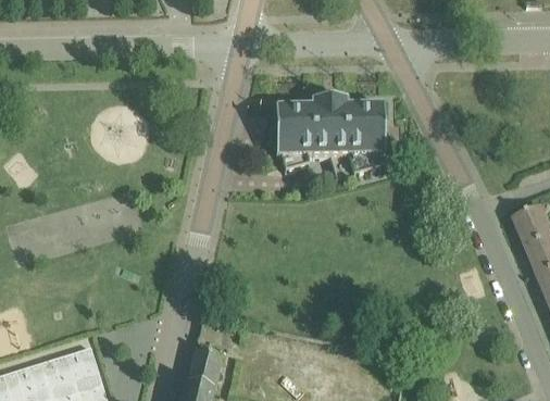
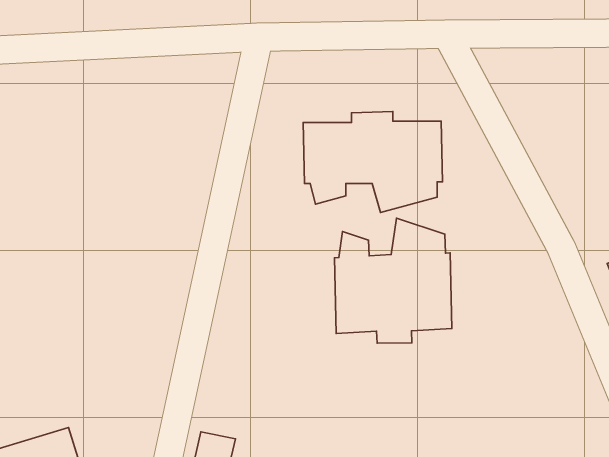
building: none -> [334,218,452,343]

